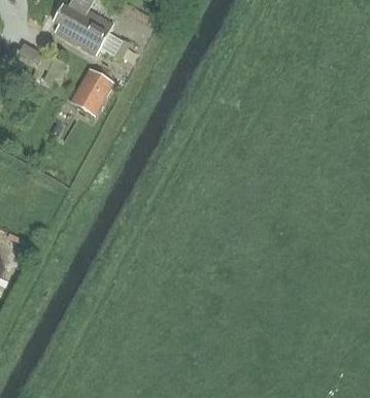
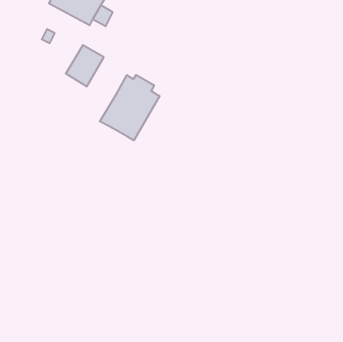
building: none -> [100,75,160,140]

